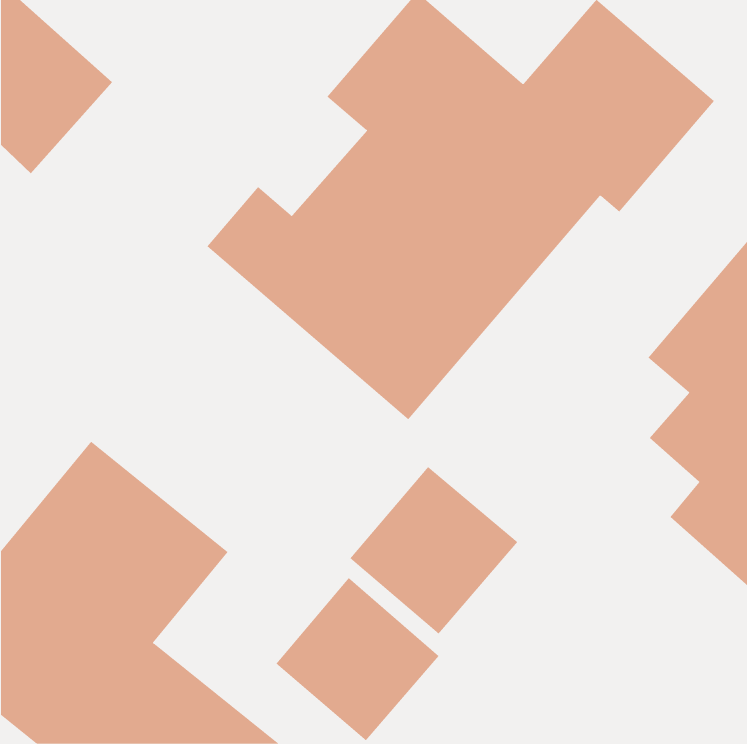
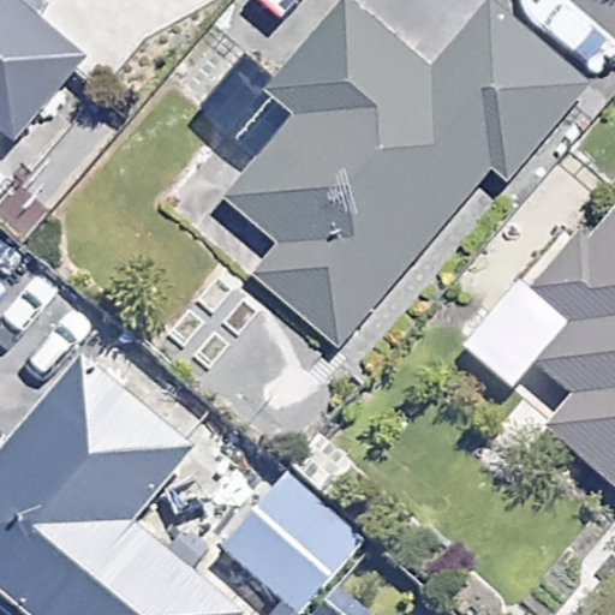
building: [350,466,518,635] -> none

